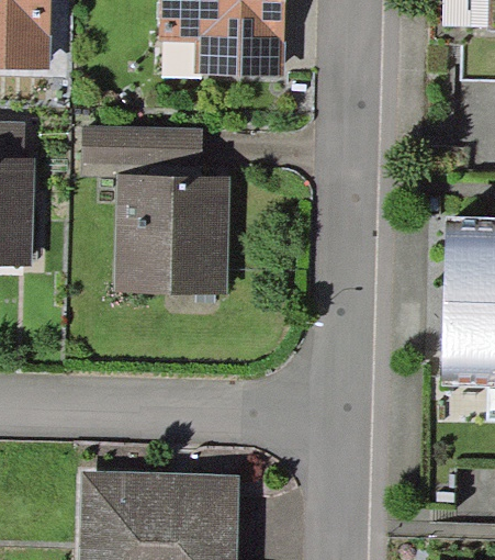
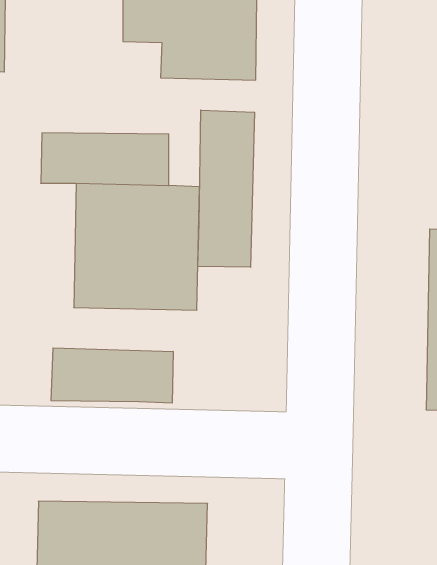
building: none -> [198,110,255,267]
building: none -> [51,348,173,403]

